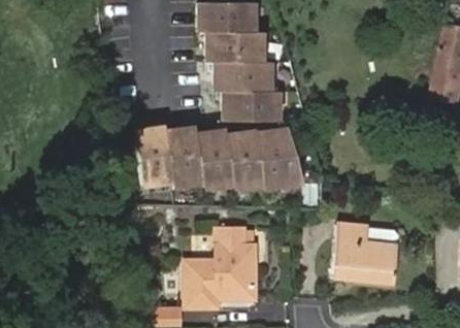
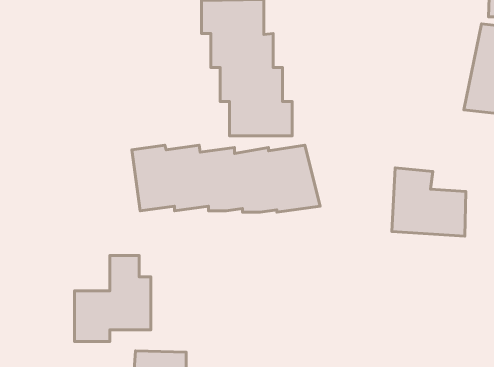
building: [337,226,402,286] -> [392,168,466,236]
building: [188,228,255,303] -> [74,256,151,342]

